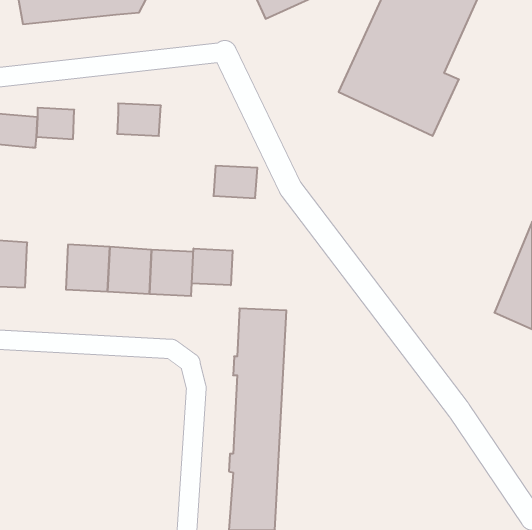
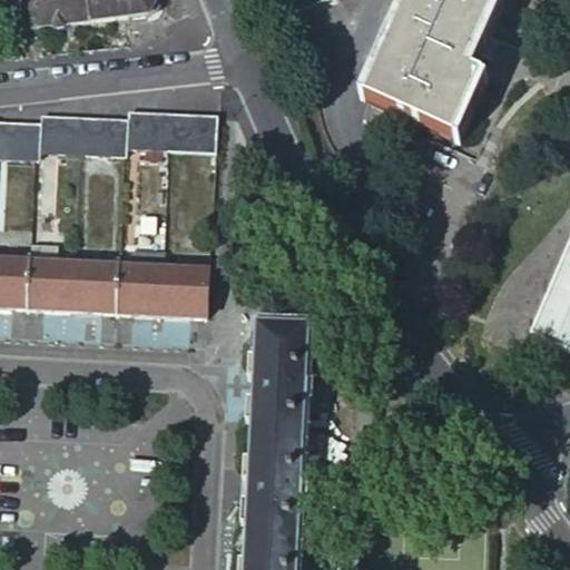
building: none -> [78,117,126,151]
building: [213,166,257,198] -> [169,112,216,147]
building: none -> [27,258,72,308]
building: [192,248,232,285] -> none

